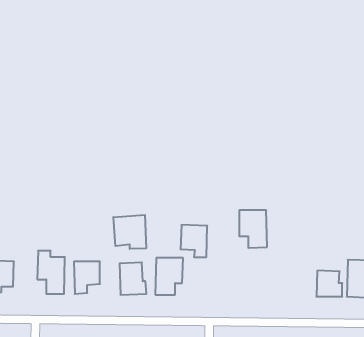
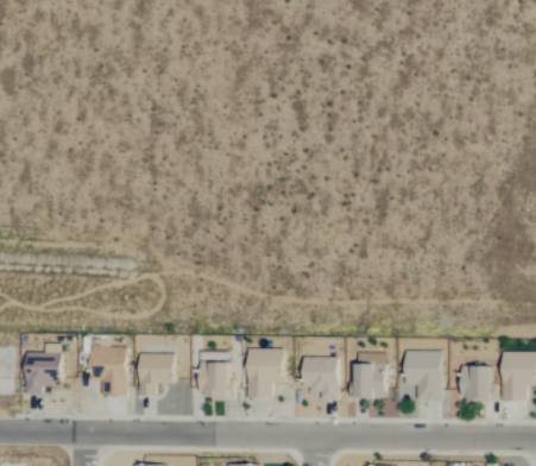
building: [239,210,267,248] -> [405,352,442,402]
building: [113,215,146,249] -> none
building: [180,225,207,257] -> [303,358,339,401]
building: none -> [354,365,386,399]

